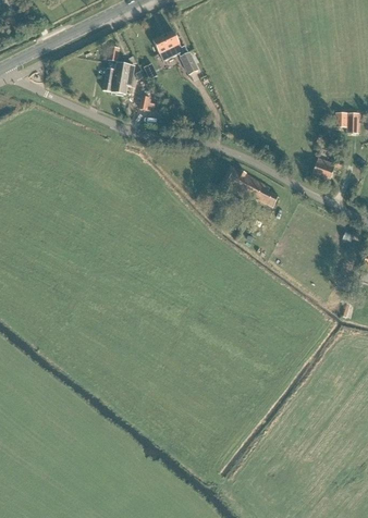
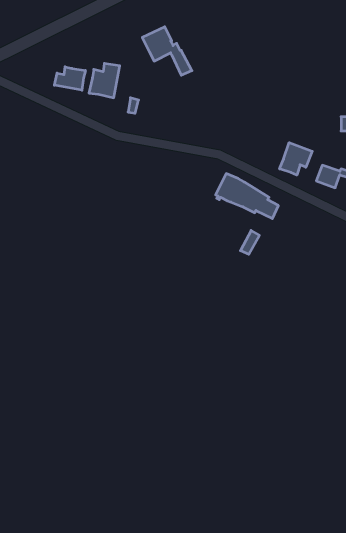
building: none -> [54,67,85,90]
building: none -> [280,143,312,175]

